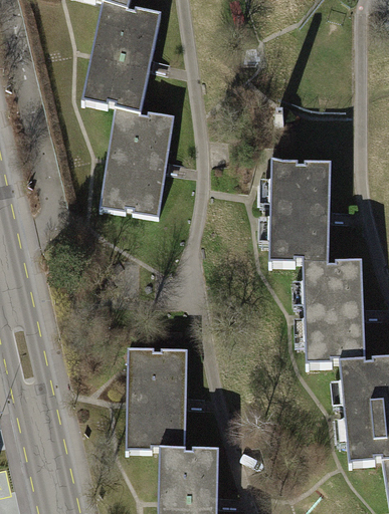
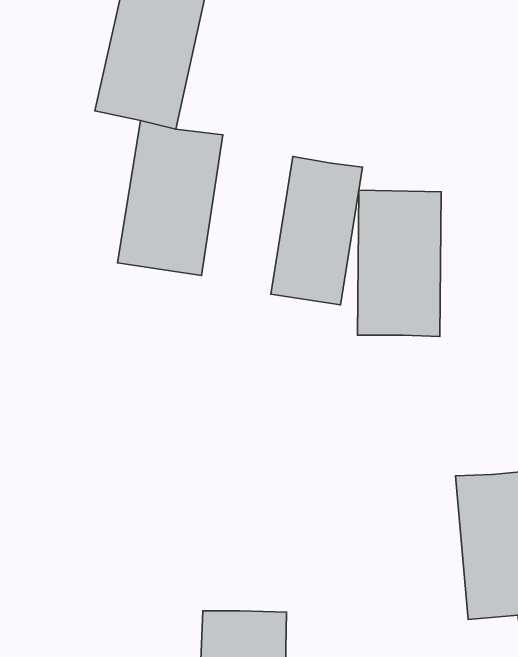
building: none -> [271,157,363,305]
building: [301,258,364,360] -> none
building: [126,350,187,454] -> none

